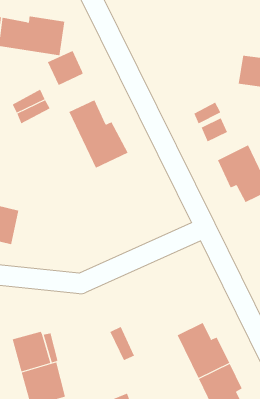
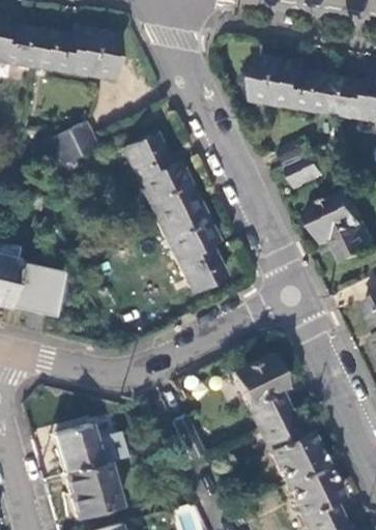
building: none -> [259,57,345,115]
building: [47,50,83,86] -> none
building: none -> [160,202,228,293]
building: none -> [234,356,295,432]

